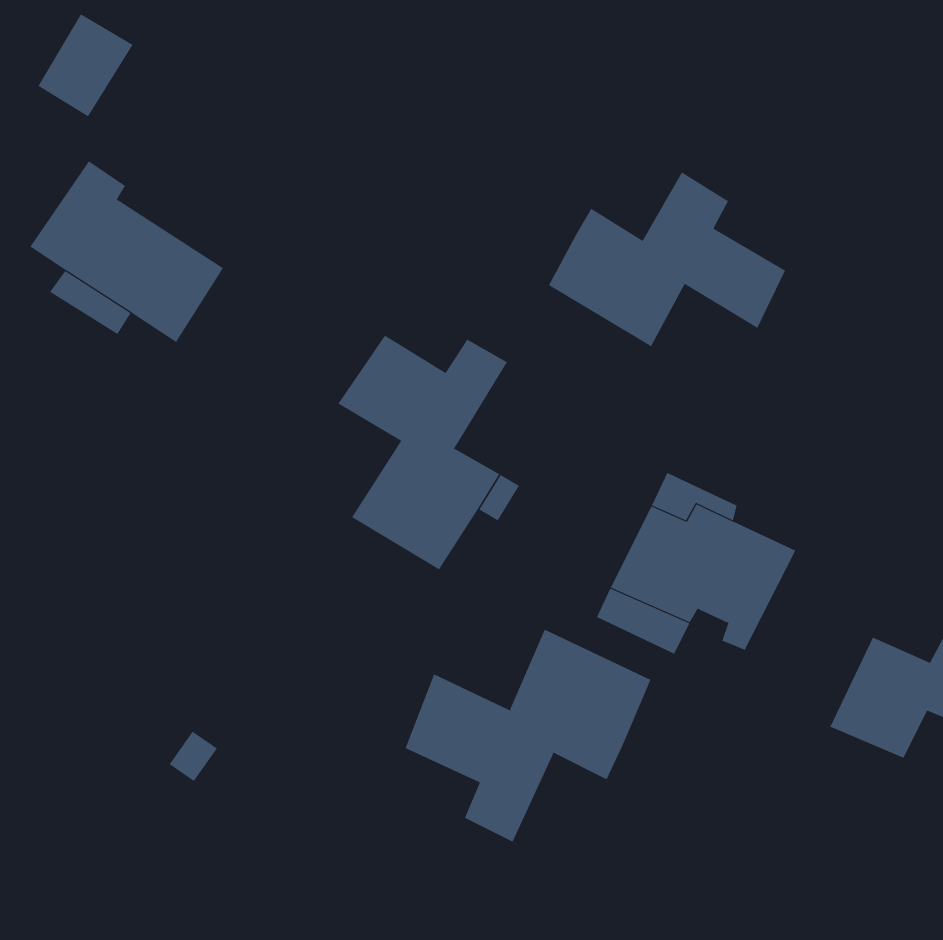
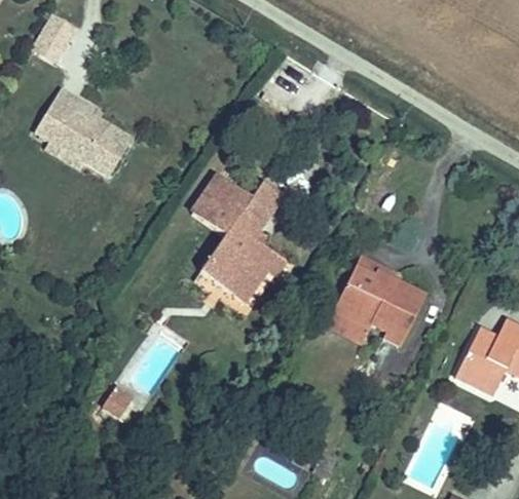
building: [548,172,786,347] -> none
building: [405,629,651,842] -> none

